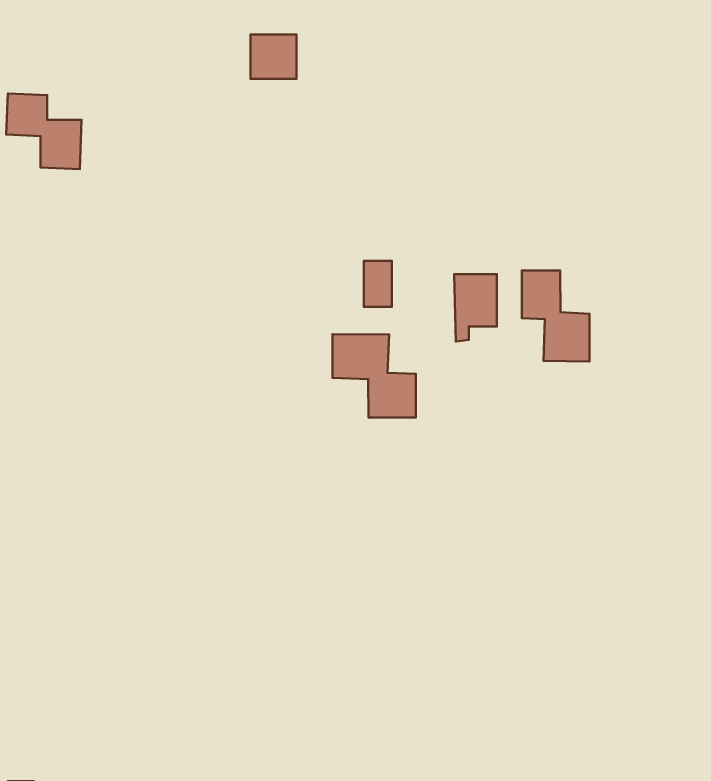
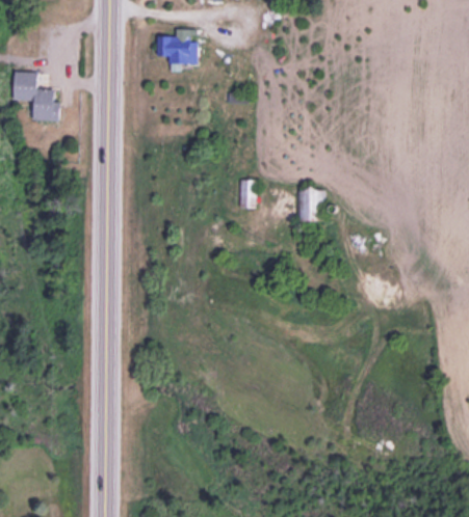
building: [522,270,589,361] -> none
building: [332,334,416,418] -> none

